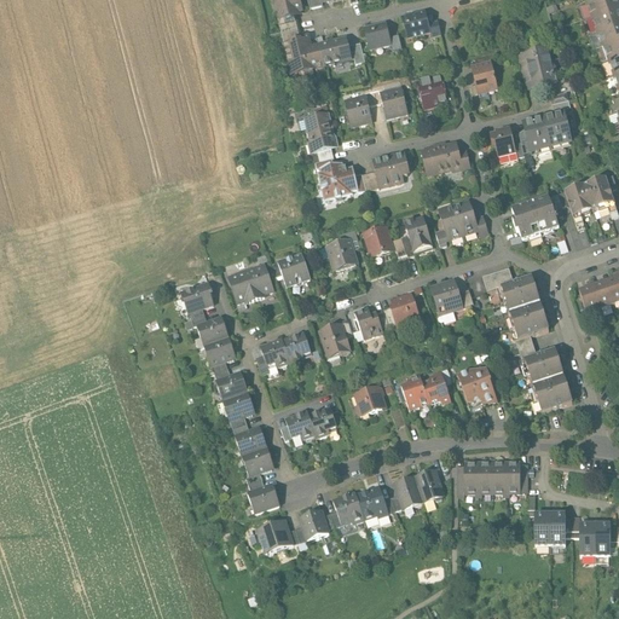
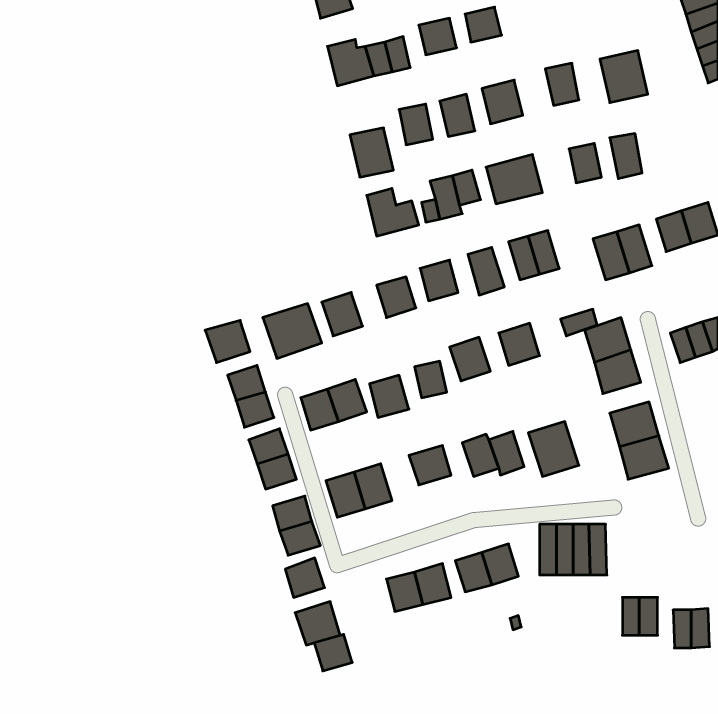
building: [546,110,574,149] -> none
building: [296,508,329,539] -> [314,634,352,671]

